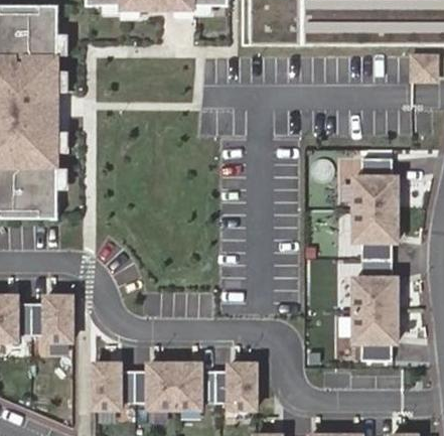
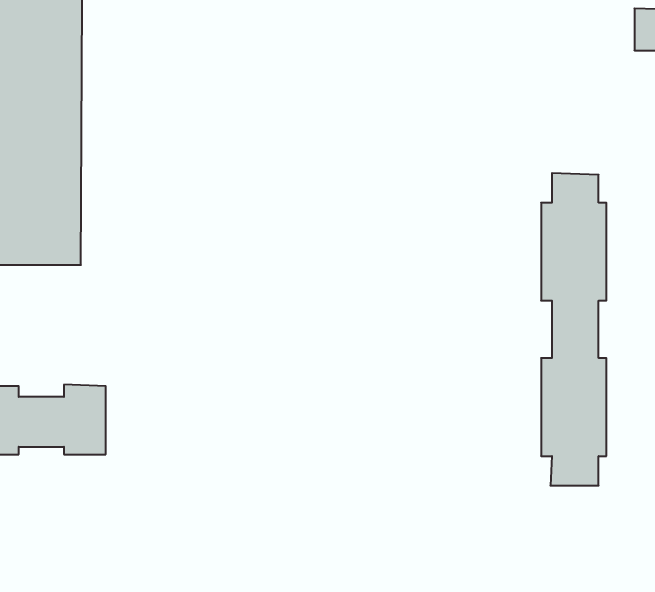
building: [93,364,256,408] -> none

